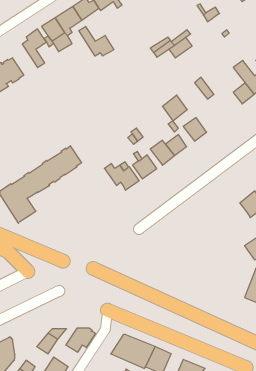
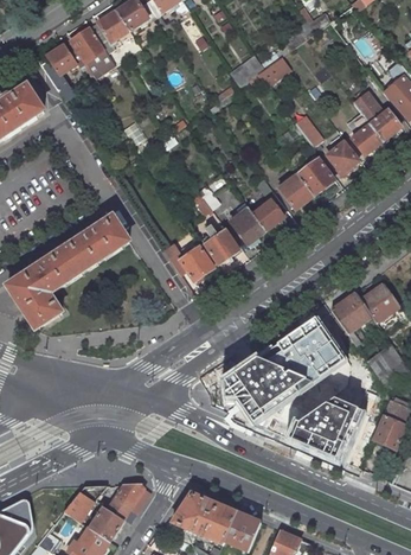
building: [79,26,114,56] -> none
building: [162,95,187,121] -> [297,158,334,196]
building: none -> [327,141,358,173]
building: none -> [330,292,373,345]
building: none -> [225,319,345,422]
building: none -> [293,401,364,458]
building: none -> [89,506,123,541]

